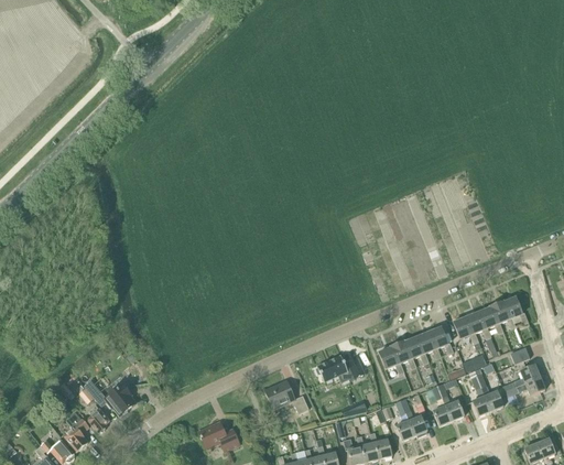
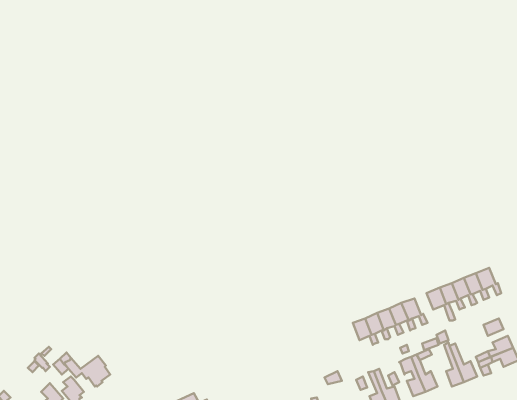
building: [316,355,365,380] -> none
building: [264,379,307,412] -> none

